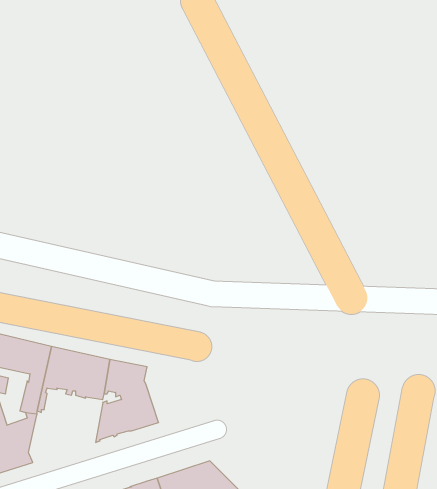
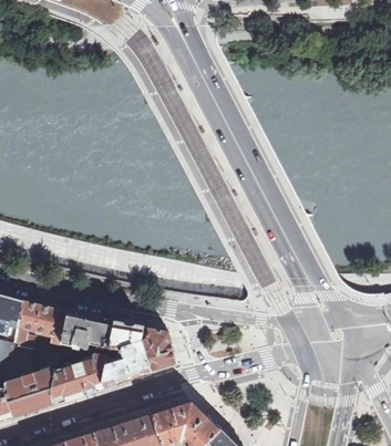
building: none -> [141,328,174,371]
building: none -> [50,351,107,402]

